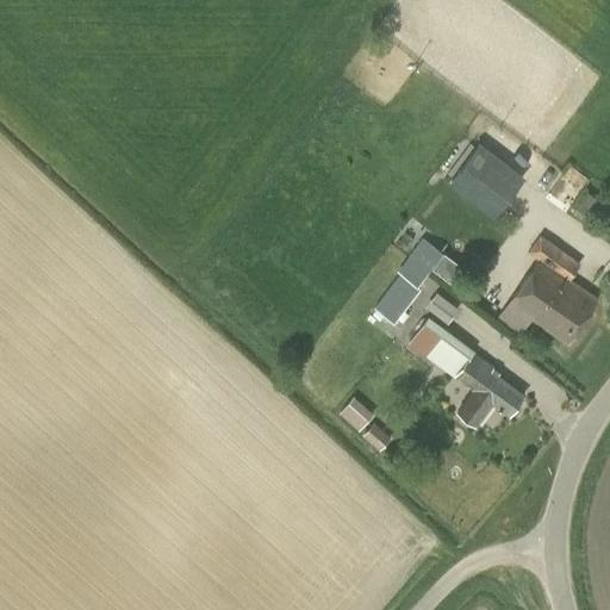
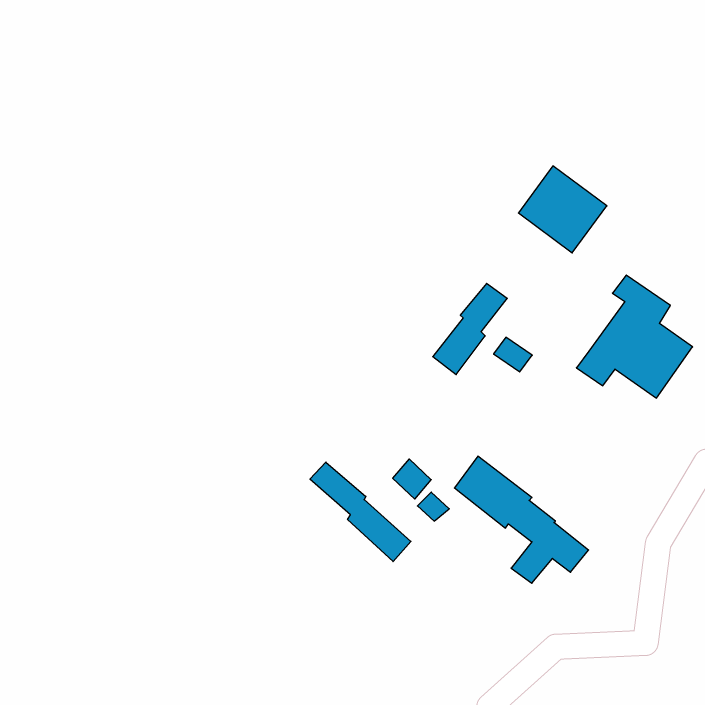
building: [409,317,524,427] -> [454,456,589,583]
building: none -> [310,462,411,562]

